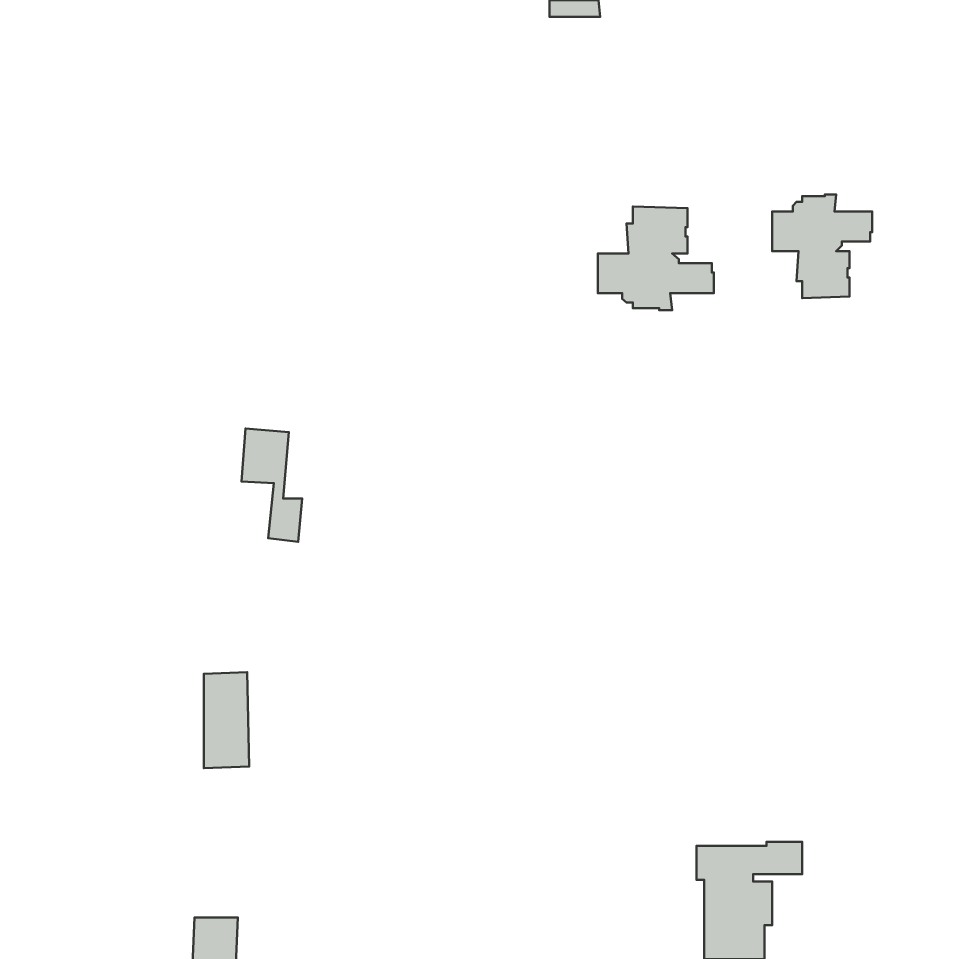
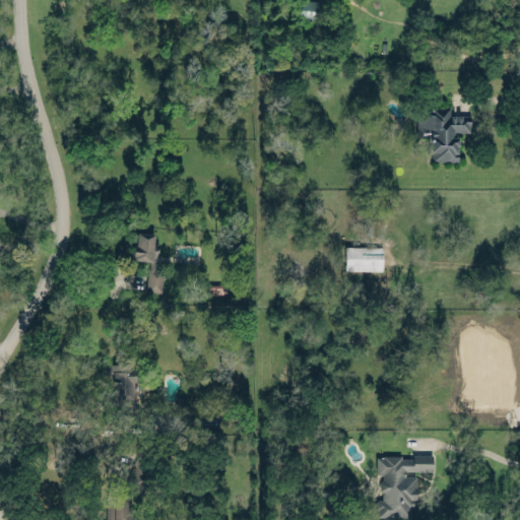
building: [598,206,714,310] -> none
building: none -> [347,248,385,272]

